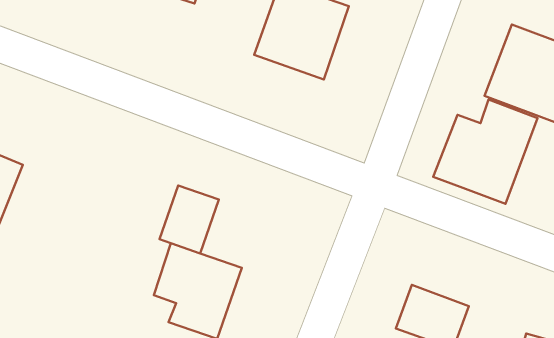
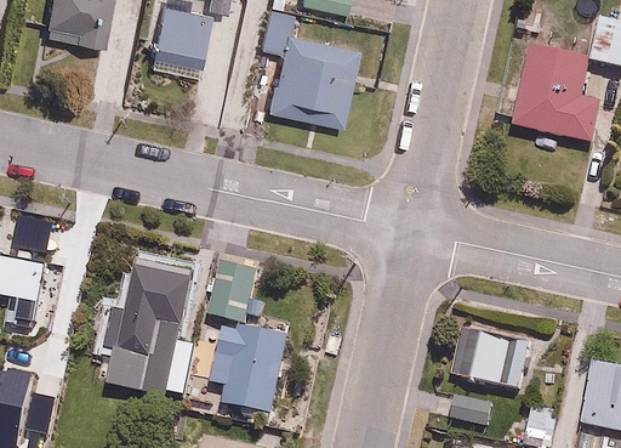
building: [433,100,538,204] -> none
building: none -> [102,260,195,399]

